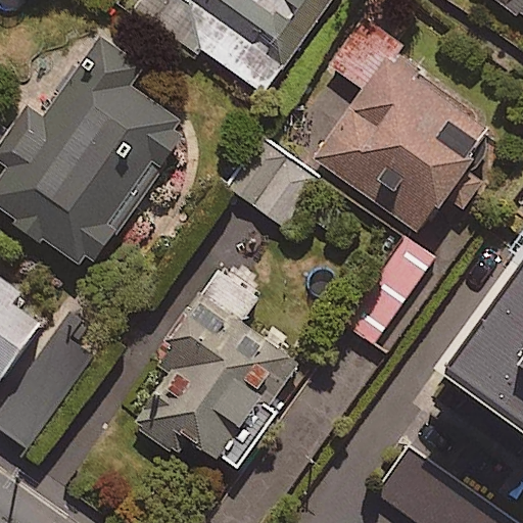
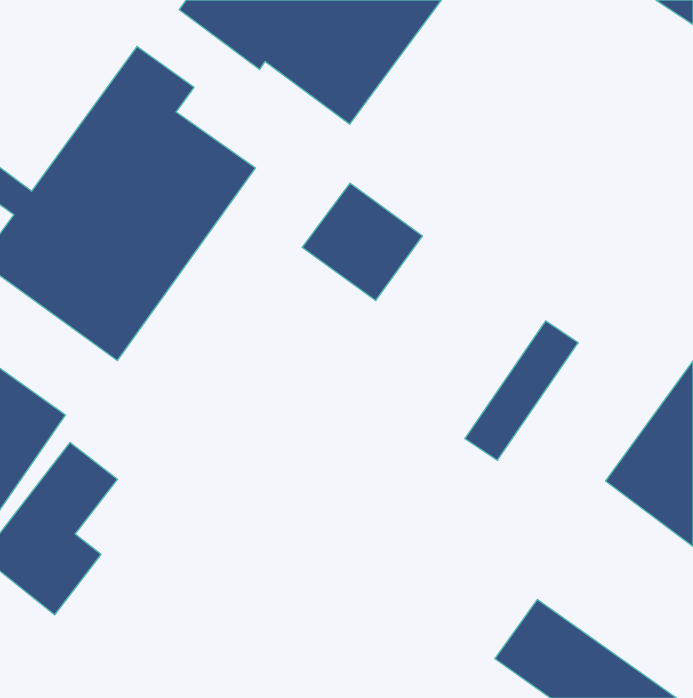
building: [314,17,493,233] -> none
building: [132,269,299,469] -> none

